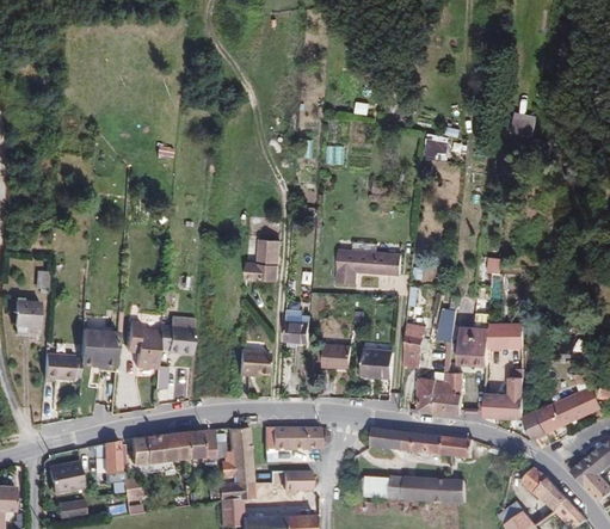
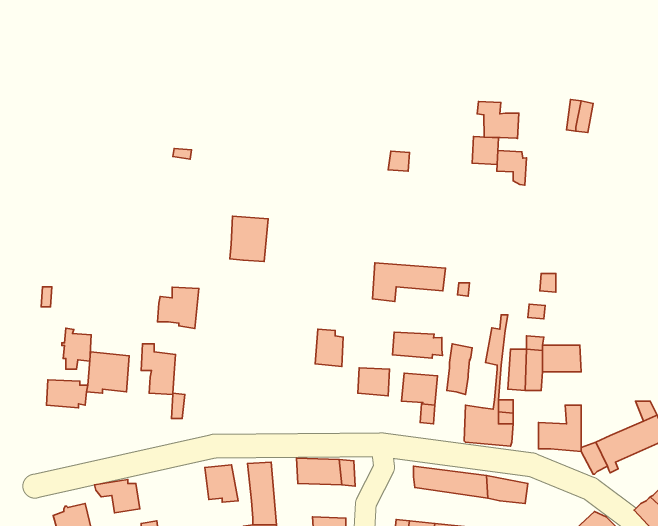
building: none -> [477,101,519,138]
building: none -> [497,150,526,185]
building: [245,236,279,277] -> [230,216,268,261]
building: [12,295,38,332] -> [62,328,91,369]
building: none -> [393,332,442,358]
building: [158,315,195,352] -> [158,287,199,328]
building: [239,347,269,373] -> none
building: [128,431,189,467] -> none

